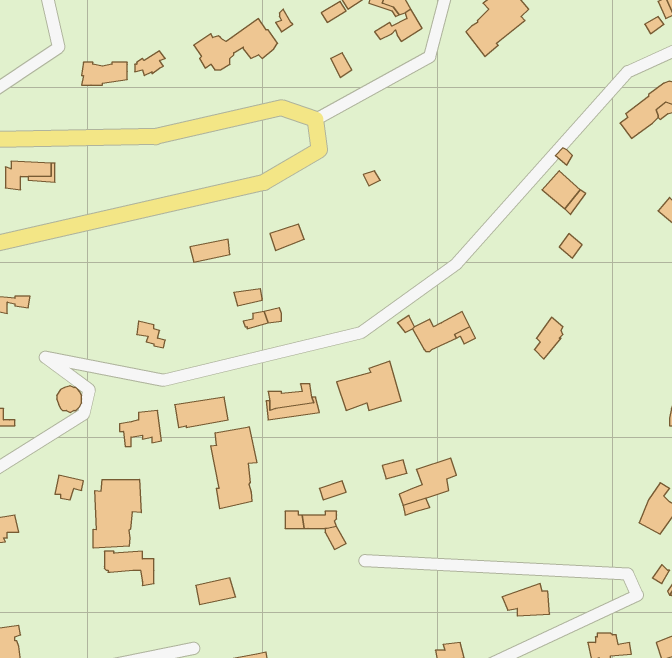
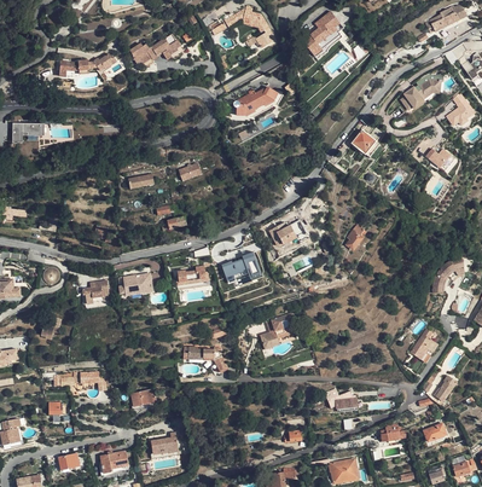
building: none -> [233,87,278,116]
building: [211,427,257,509] -> none
building: [93,479,141,548] -> none

